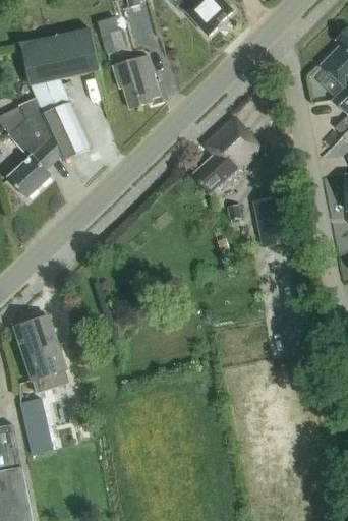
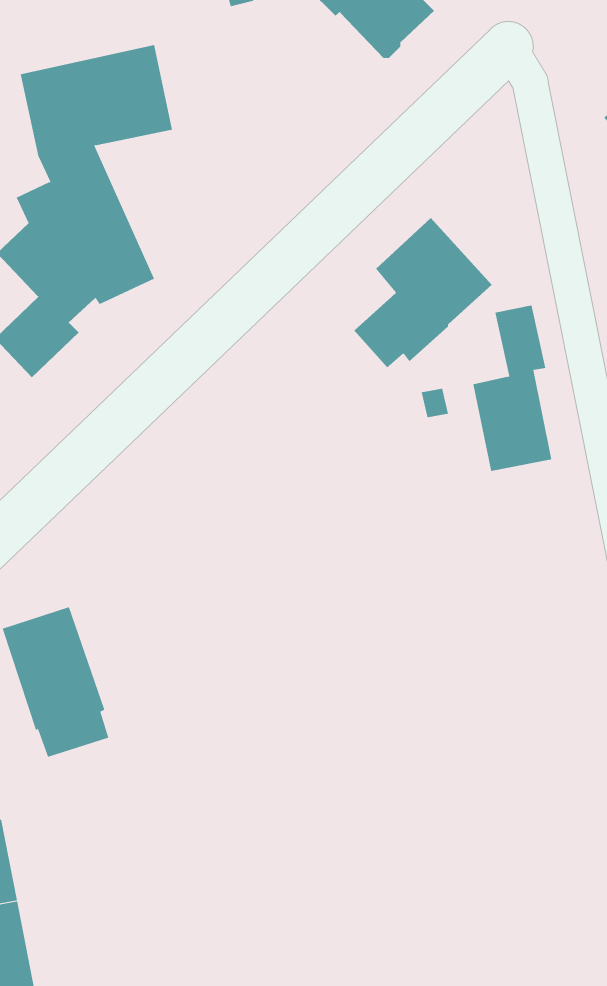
building: [97,17,123,52] -> none
building: [112,54,159,108] -> none
building: [19,396,53,452] -> none

